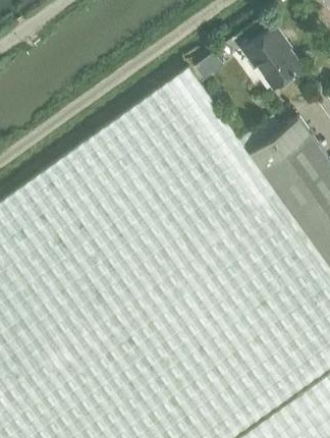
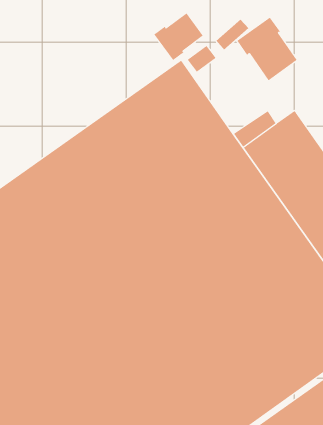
building: none -> [153,12,204,61]

